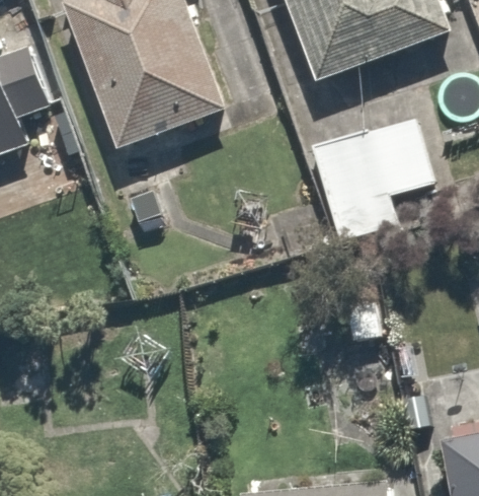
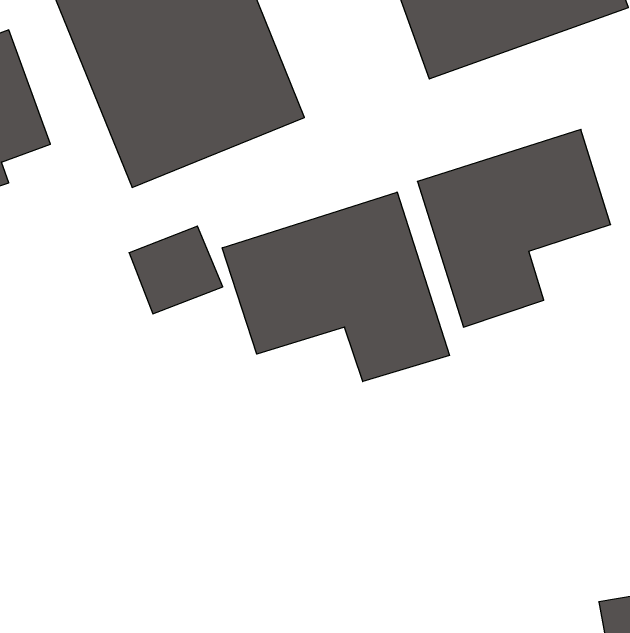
building: none -> [222,192,449,382]

